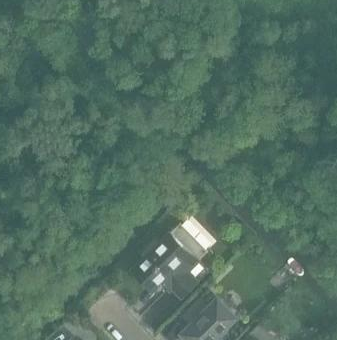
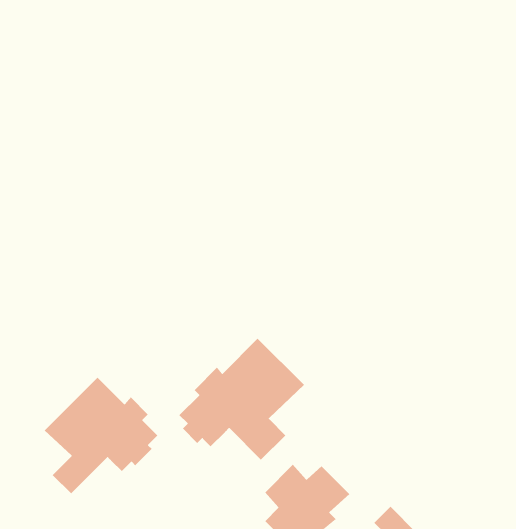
building: none -> [44,377,158,494]

